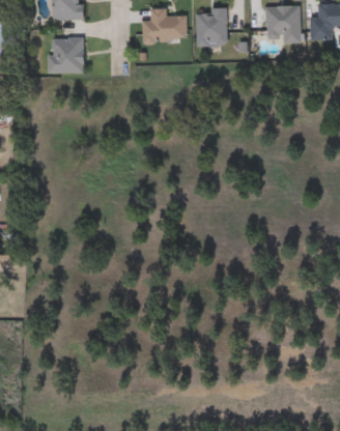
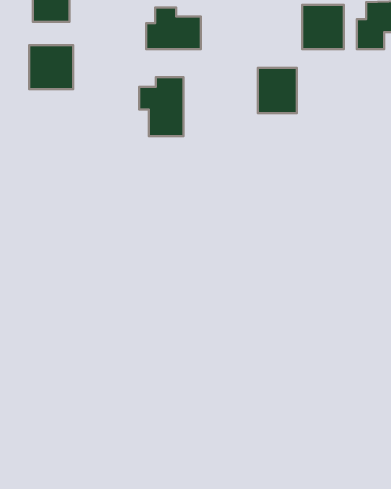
building: [196,9,227,46] -> [258,68,297,113]
building: none -> [139,77,184,136]

